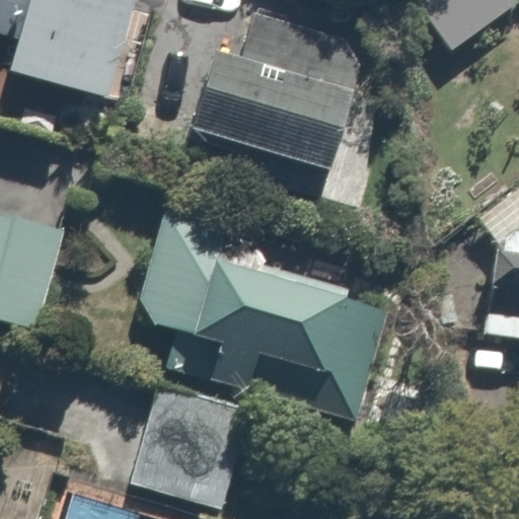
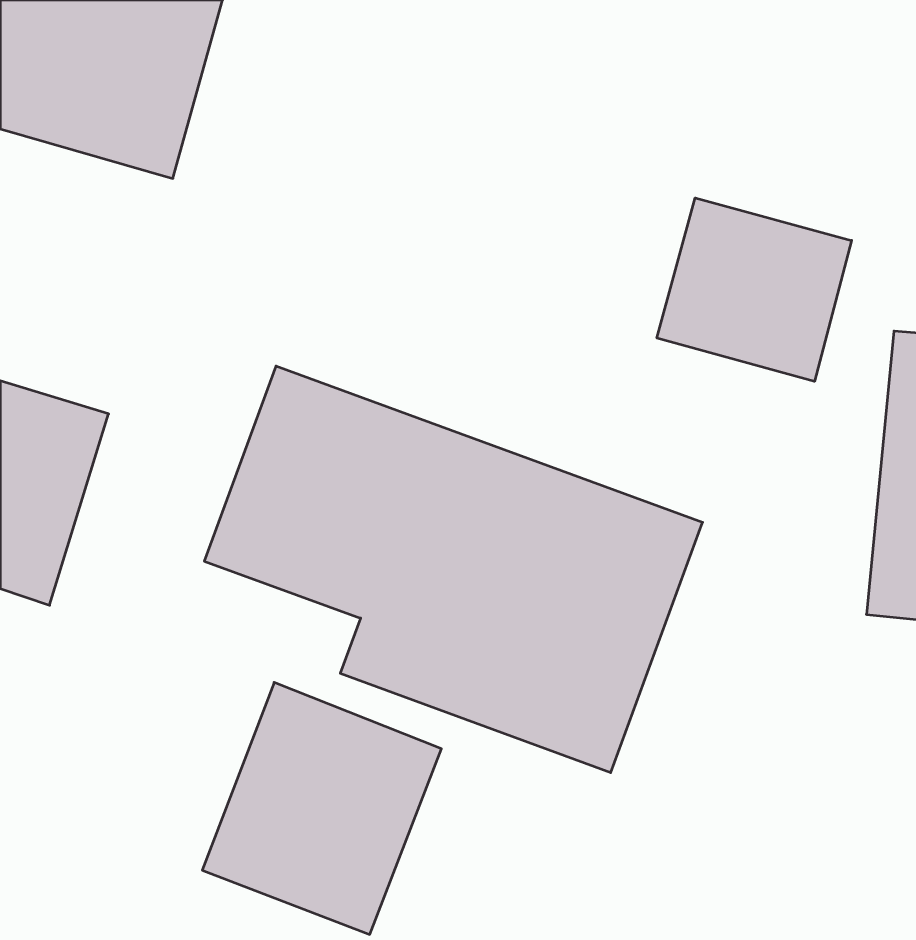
building: [162,15,357,169] -> none
building: none -> [657,198,852,381]

